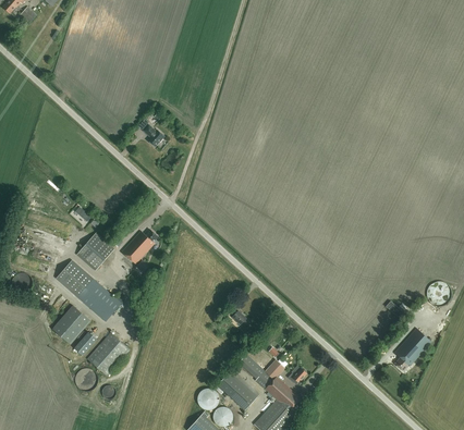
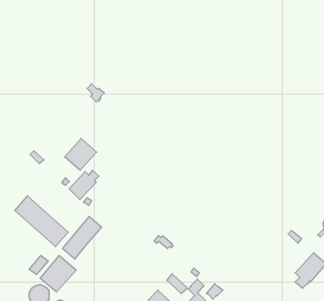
building: [75,232,113,270] -> [65,139,97,170]
building: none -> [62,217,101,259]
building: [51,306,89,344] -> none

